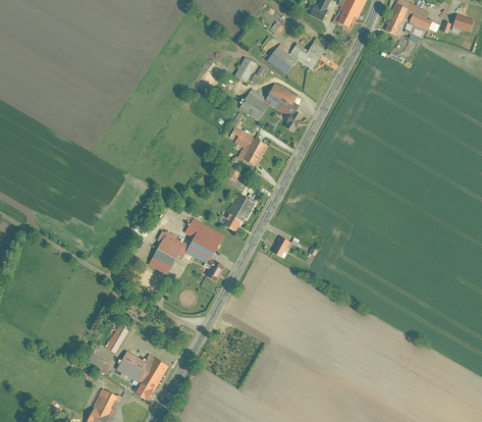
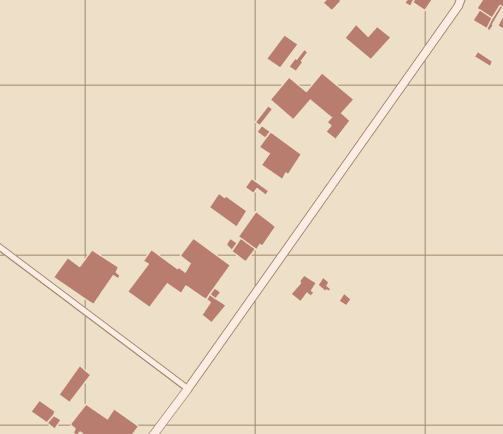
building: [266,44,296,75] -> none
building: none -> [209,194,247,227]
building: none -> [54,250,120,305]

